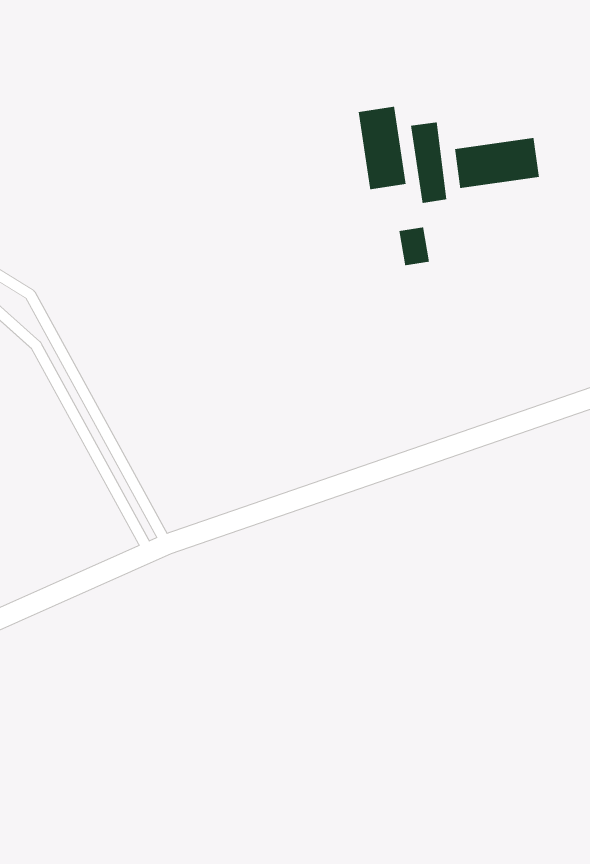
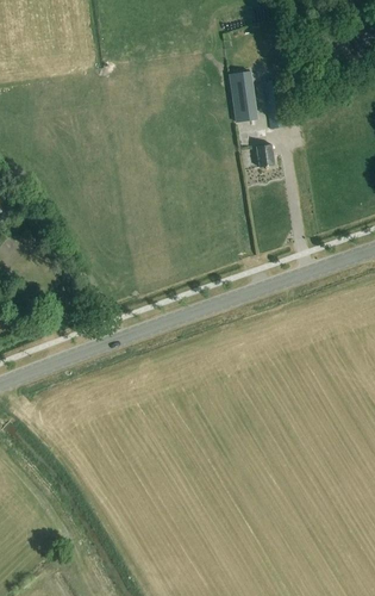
building: [454,137,539,189] -> none

